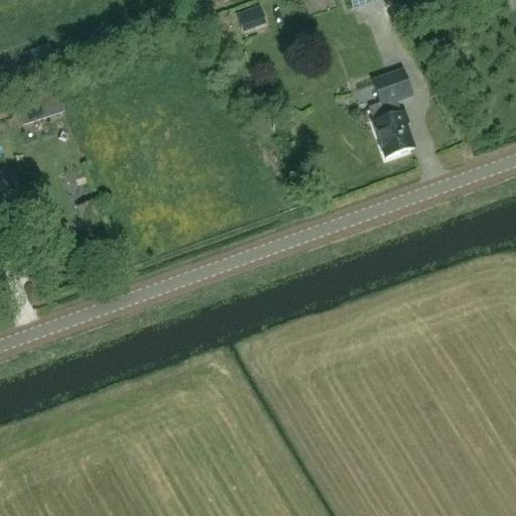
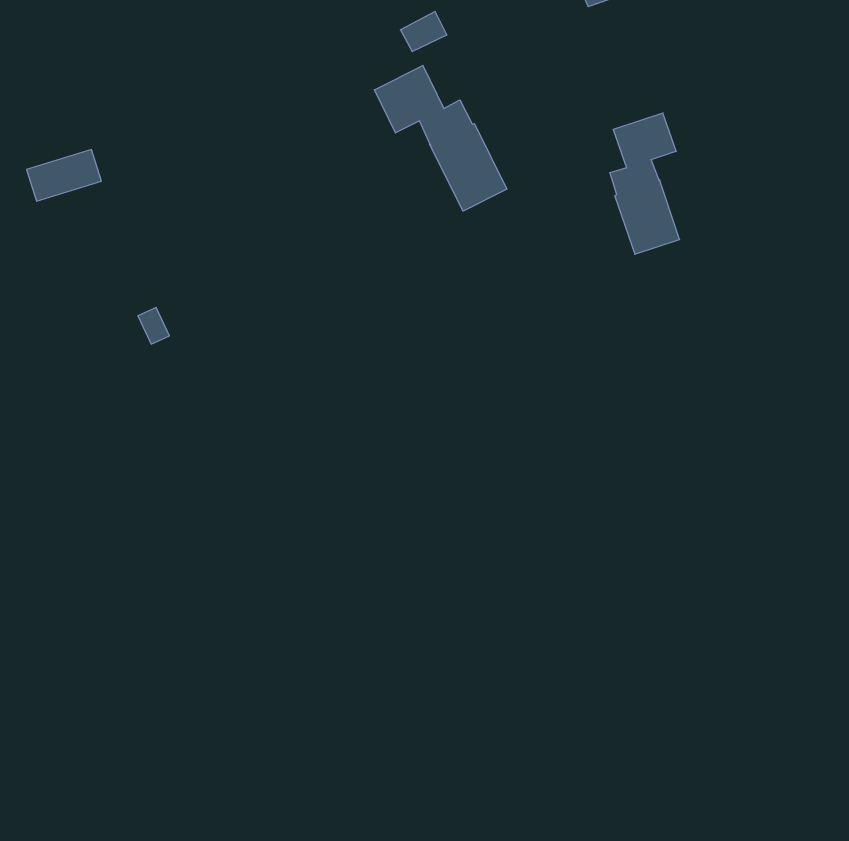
building: none -> [374,65,507,211]

